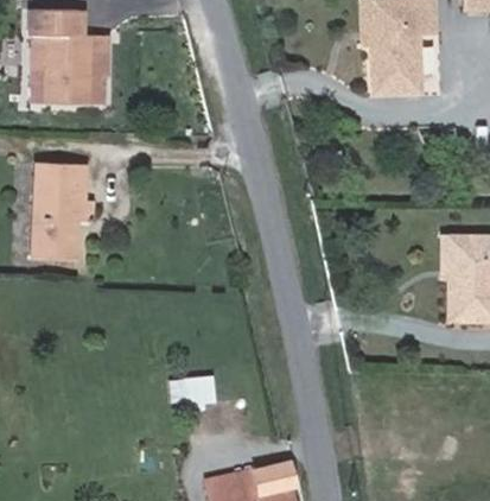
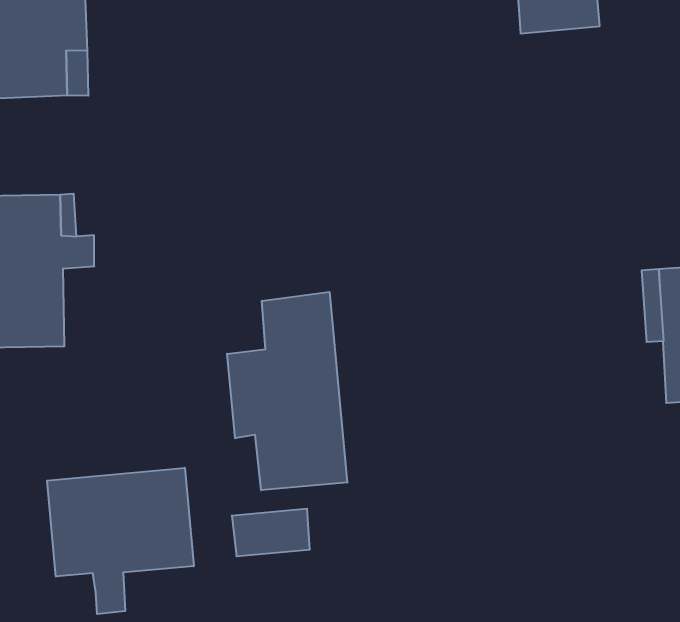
building: none -> [227,292,347,490]
building: none -> [47,468,194,614]

